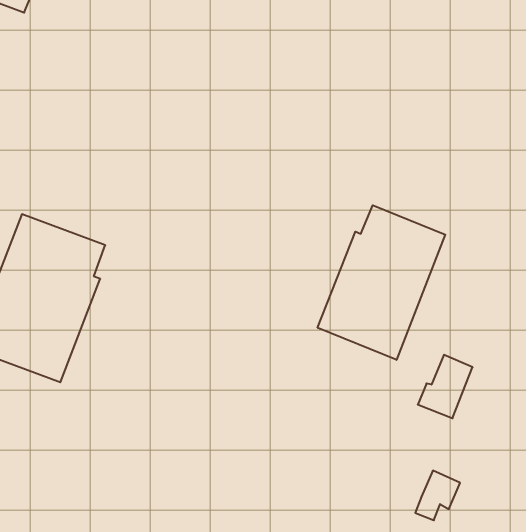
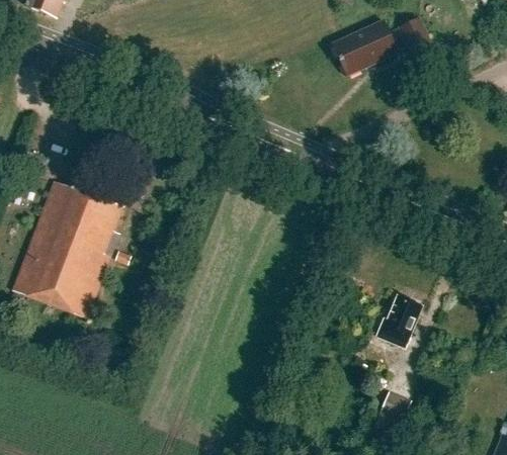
building: none -> [332,17,433,75]
building: [318,205,445,360] -> none

